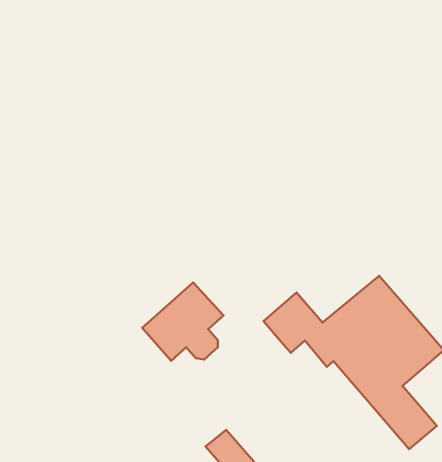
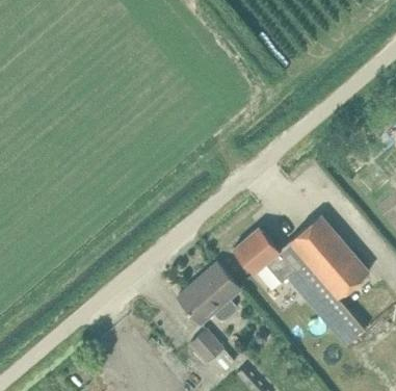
building: [142,282,223,361] -> [179,263,240,322]

